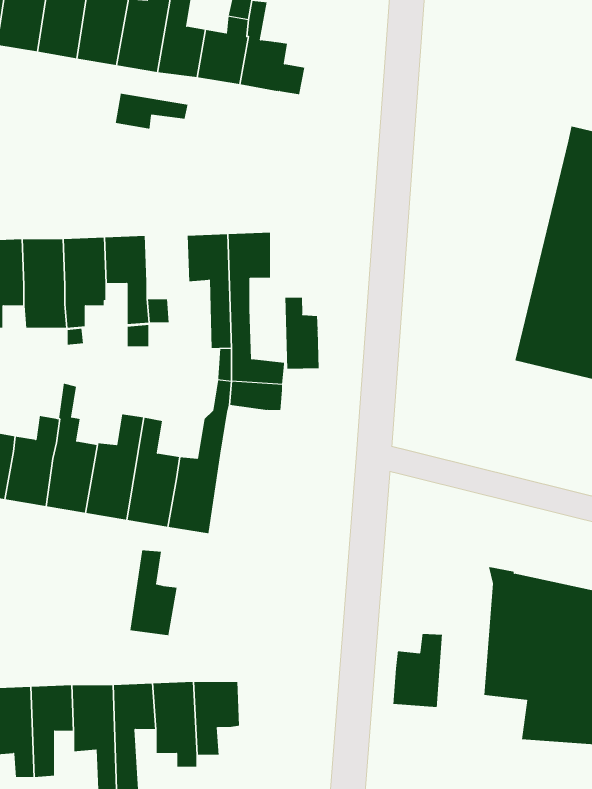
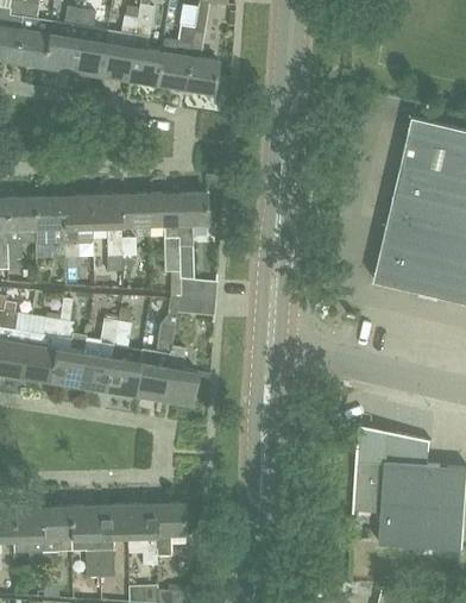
building: [115,93,188,129] -> none
building: none -> [119,195,149,227]
building: [285,297,319,370] -> none
building: [129,550,177,637] -> [163,346,196,407]
building: [393,633,442,708] -> none

